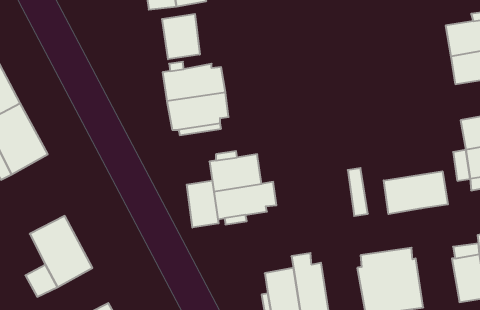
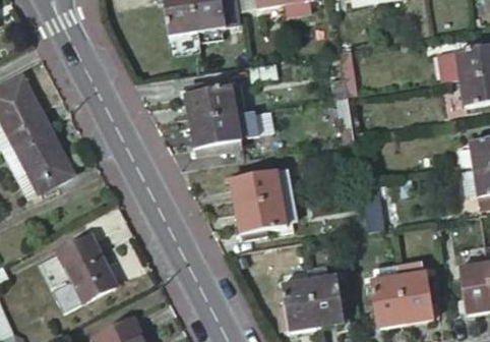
building: [162,14,200,59] -> none
building: [384,171,448,214] -> none
building: [187,181,219,228] -> none

